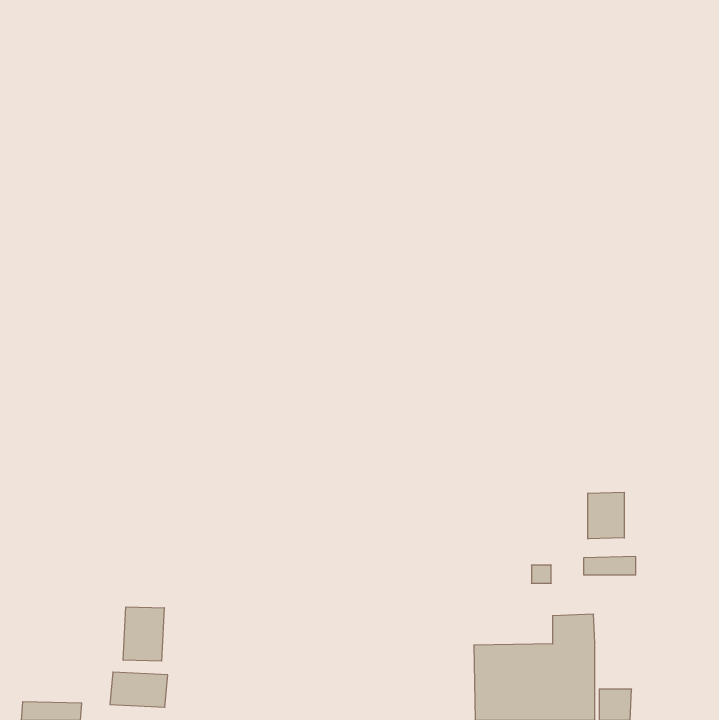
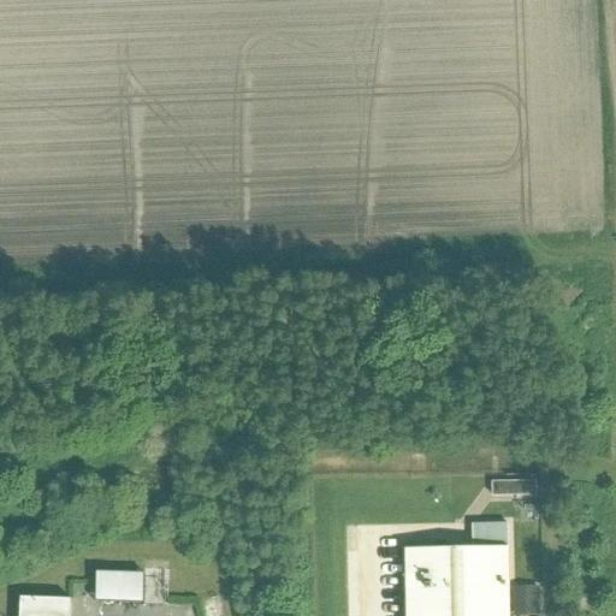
building: [588,492,624,539] -> none
building: [123,607,164,661] -> none

